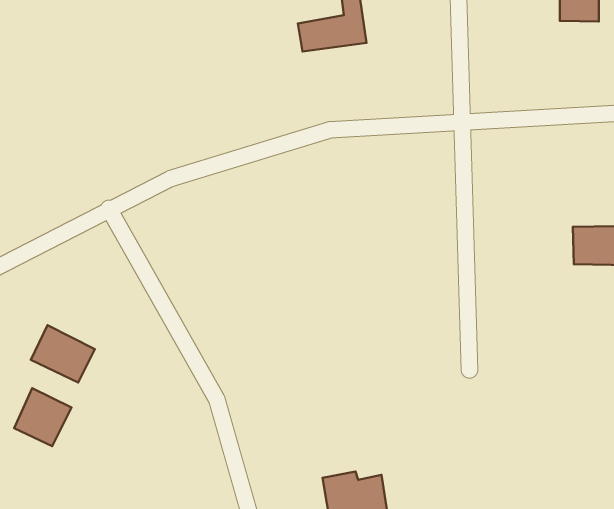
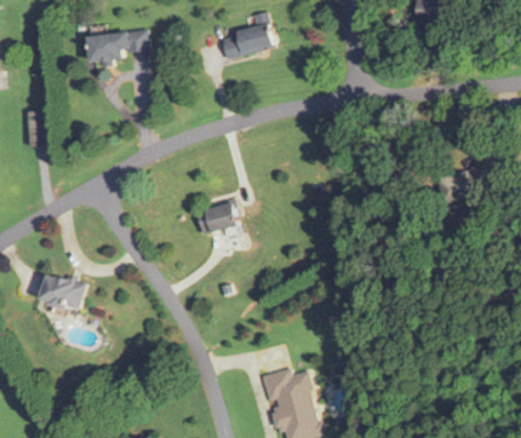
building: none -> [92,31,150,67]
building: none -> [199,202,240,235]
building: [14,388,72,446] -> none

